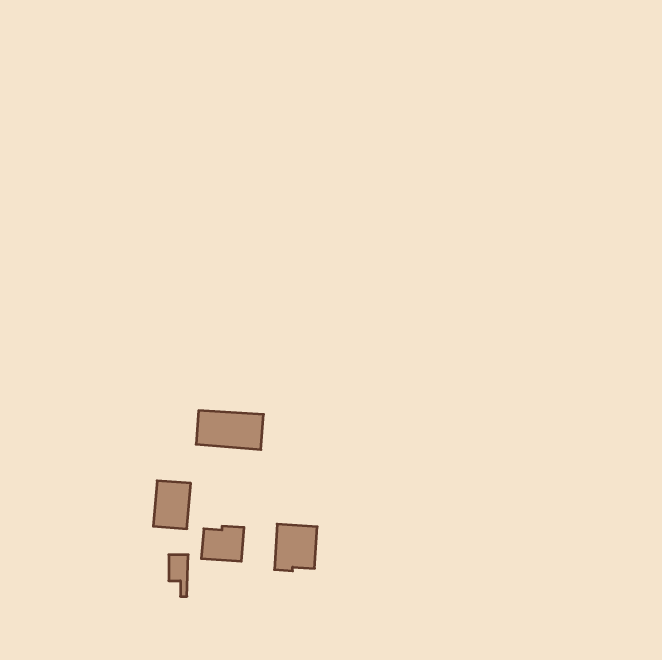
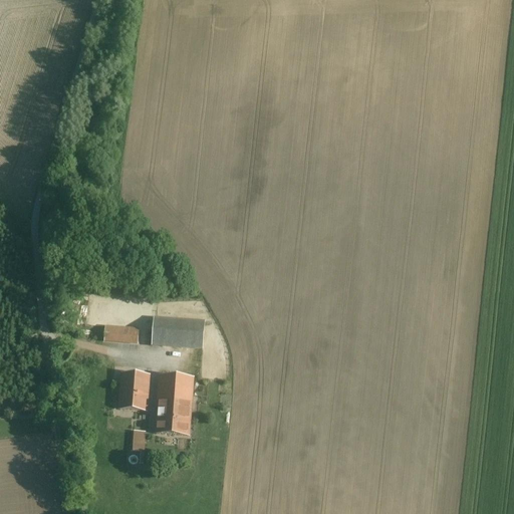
building: none -> [102,323,137,341]
building: [274,524,317,571] -> [158,373,191,410]

